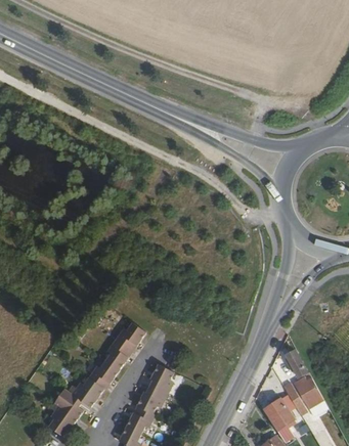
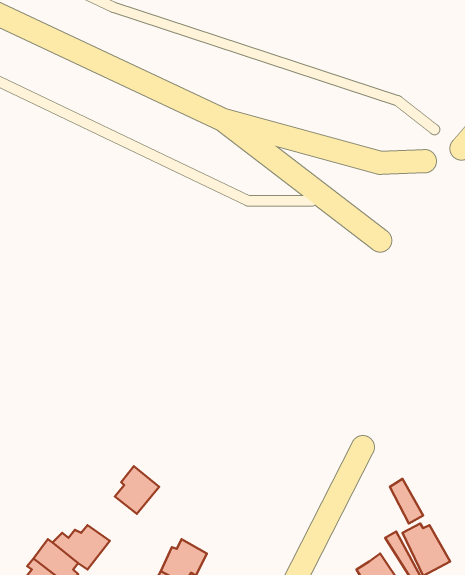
building: [120,325,149,353] -> none
building: [90,359,122,390] -> none
building: [150,365,174,396] -> none

